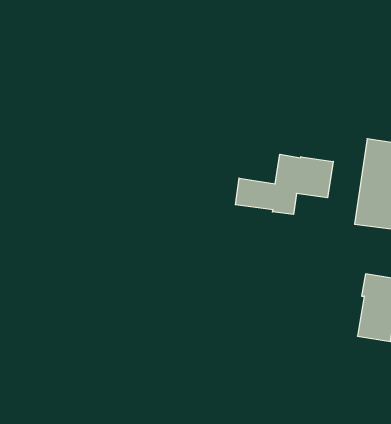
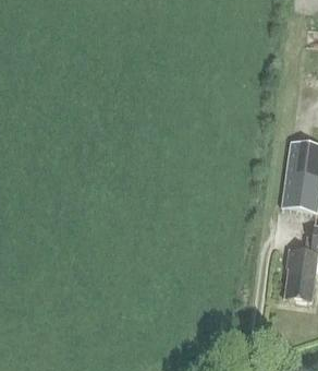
building: [235,154,333,214] -> none

